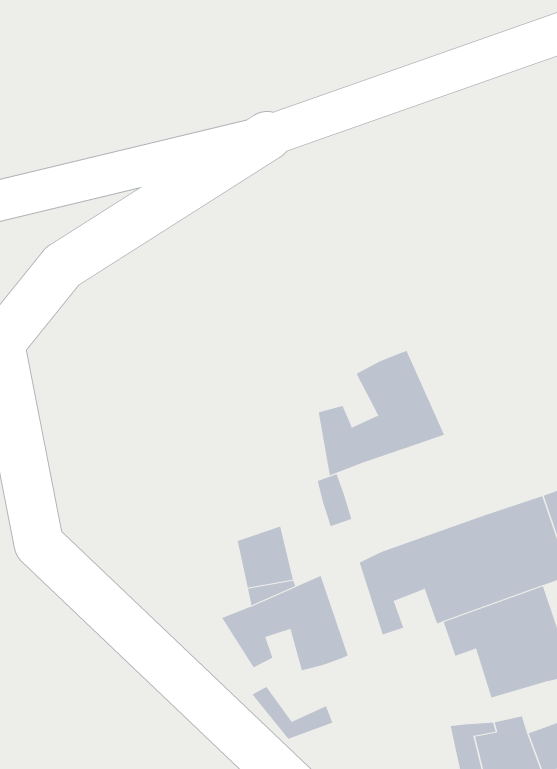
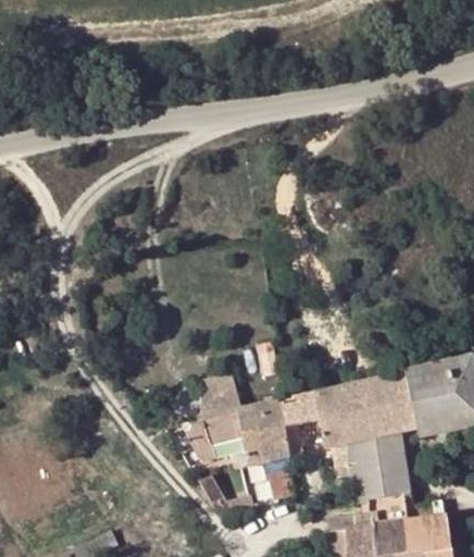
building: [318,350,445,476] -> none
building: none -> [254,401,298,500]

